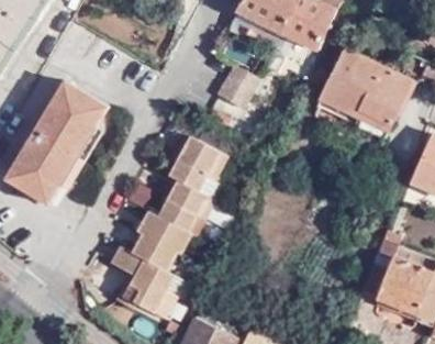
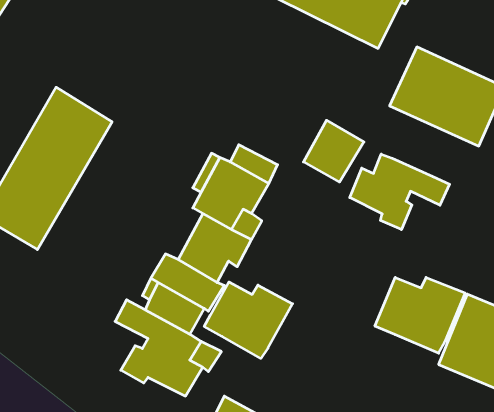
building: [214,64,260,111] -> [303,120,364,182]
building: none -> [350,154,450,230]
building: none -> [375,277,465,353]
building: none -> [204,282,293,358]

